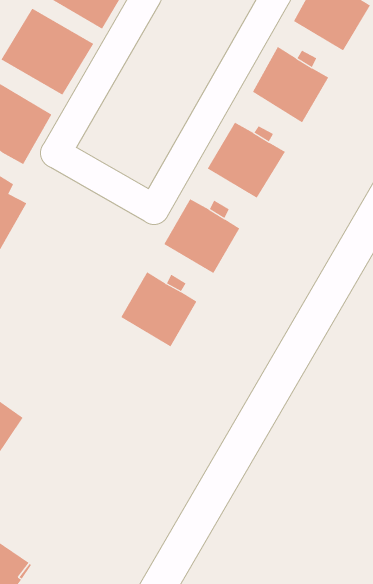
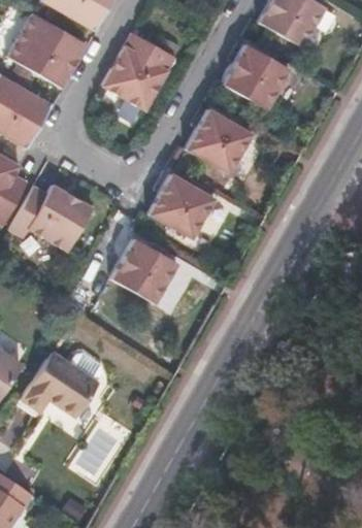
building: none -> [105,29,180,108]
building: none -> [10,186,92,250]
building: none -> [22,352,100,418]

